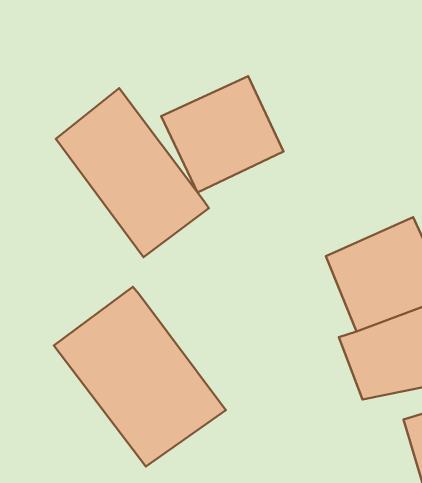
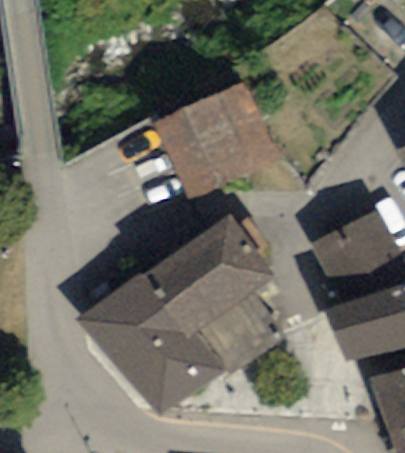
building: [56,88,209,257] -> none
building: none -> [154,211,287,370]

